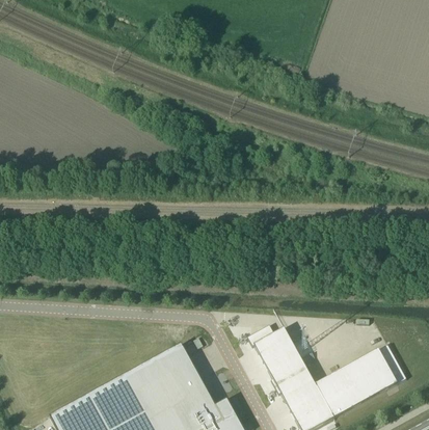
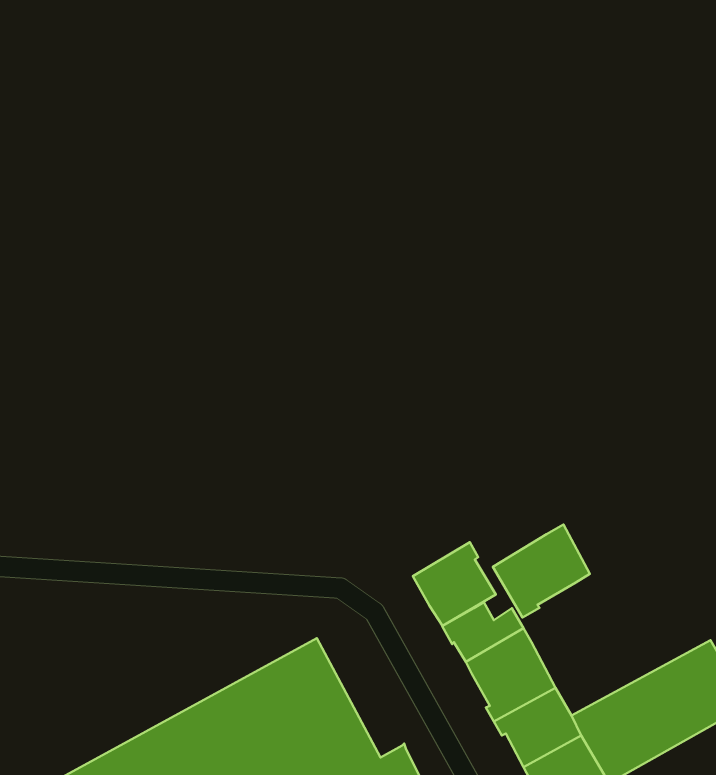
building: none -> [493,525,590,618]
building: none -> [413,542,496,626]

